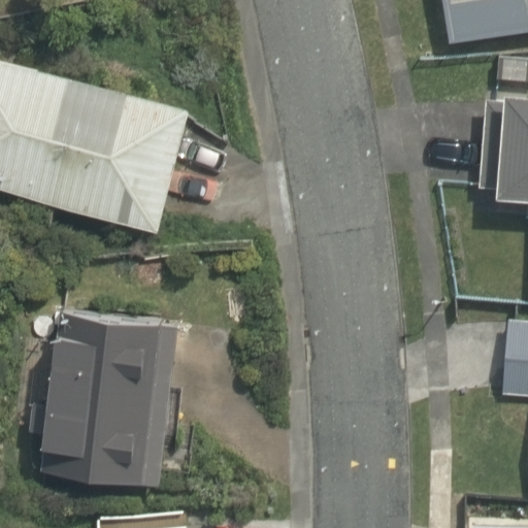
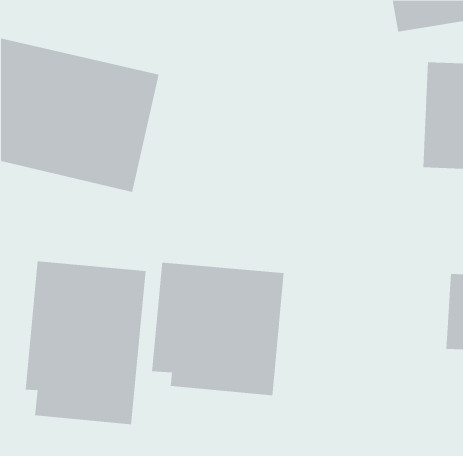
building: none -> [152,262,284,396]

